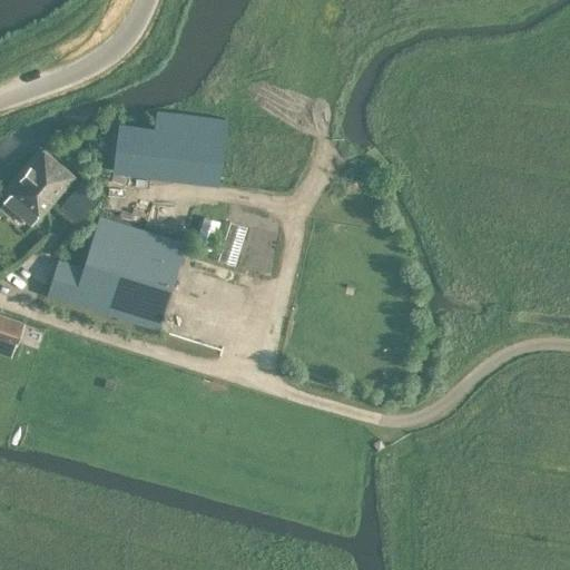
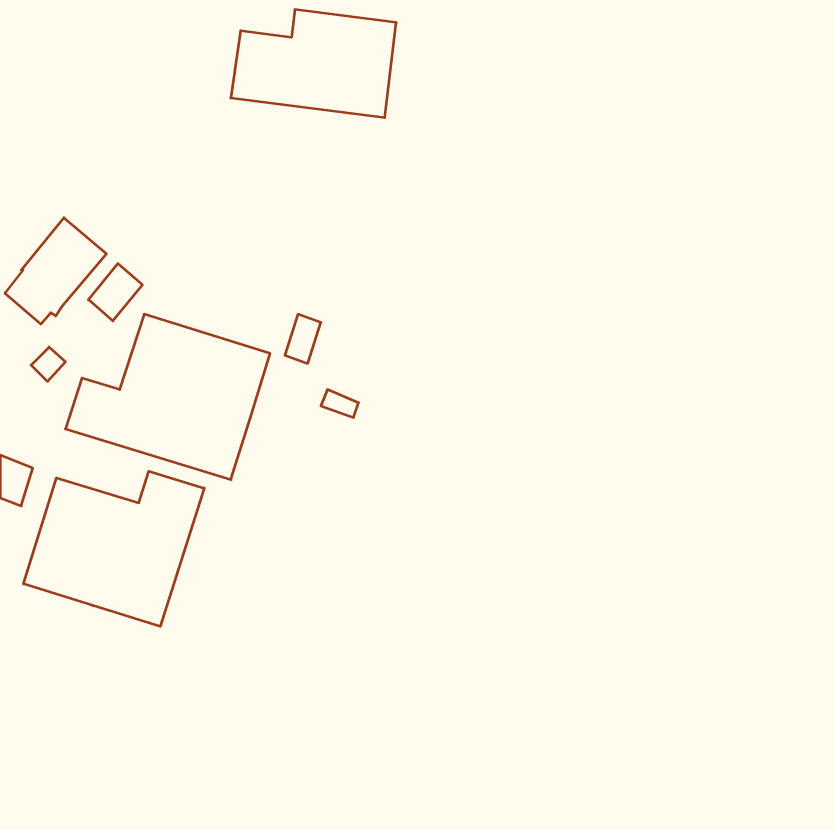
building: [112,112,225,186] -> [231,10,396,118]
building: none -> [24,471,204,626]

